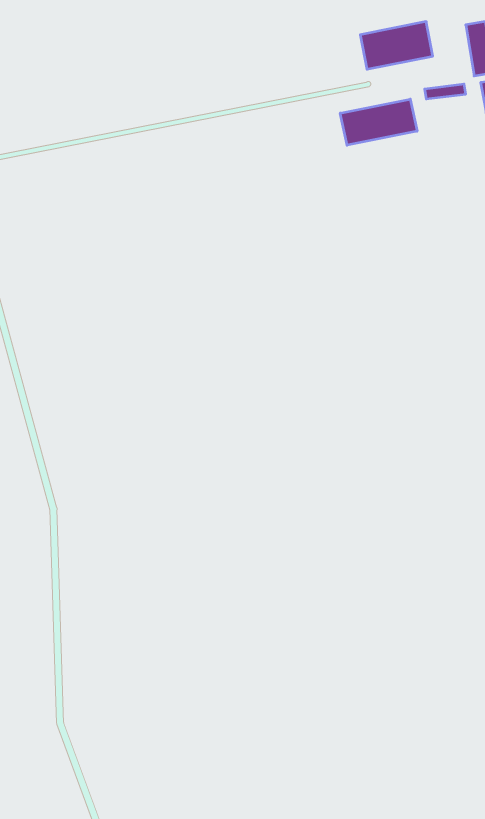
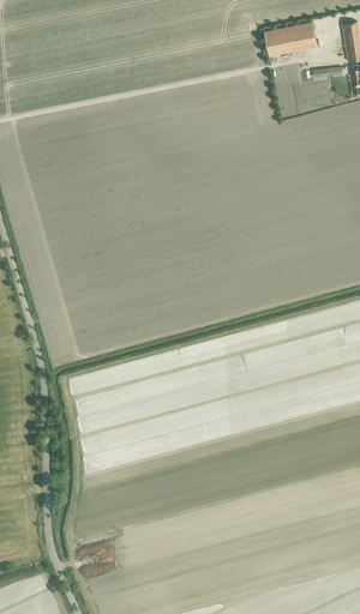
building: [340,99,417,145] -> none

